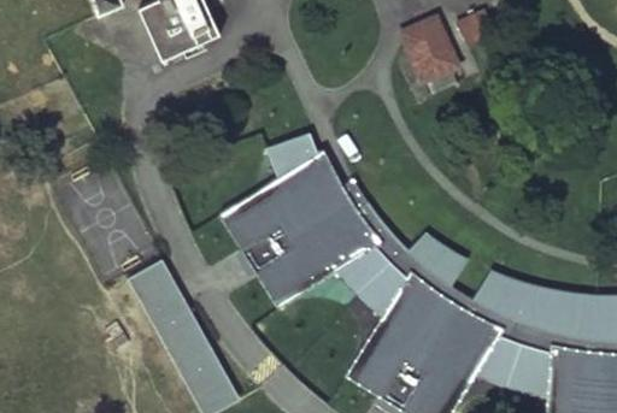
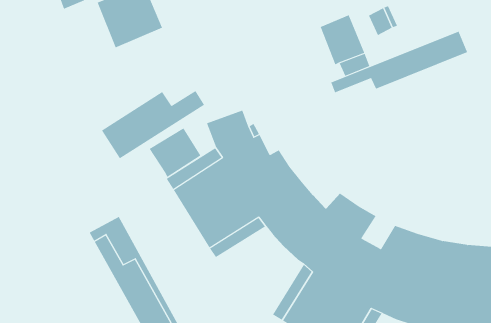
building: none -> [331,31,468,93]
building: none -> [101,90,205,159]
building: none -> [149,127,201,178]

